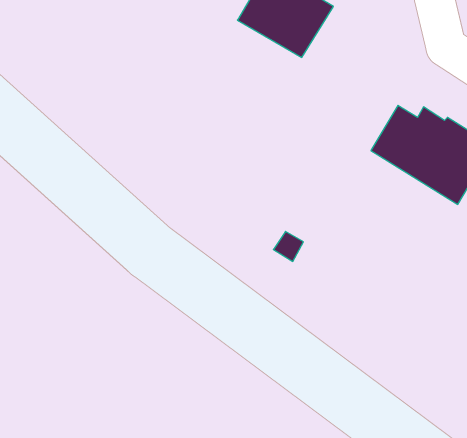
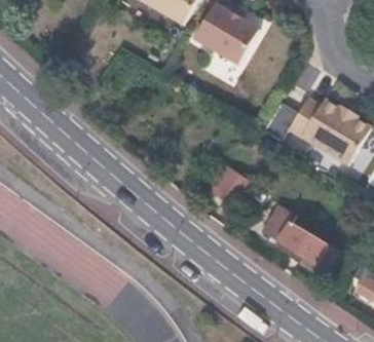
building: none -> [264,214,336,268]

